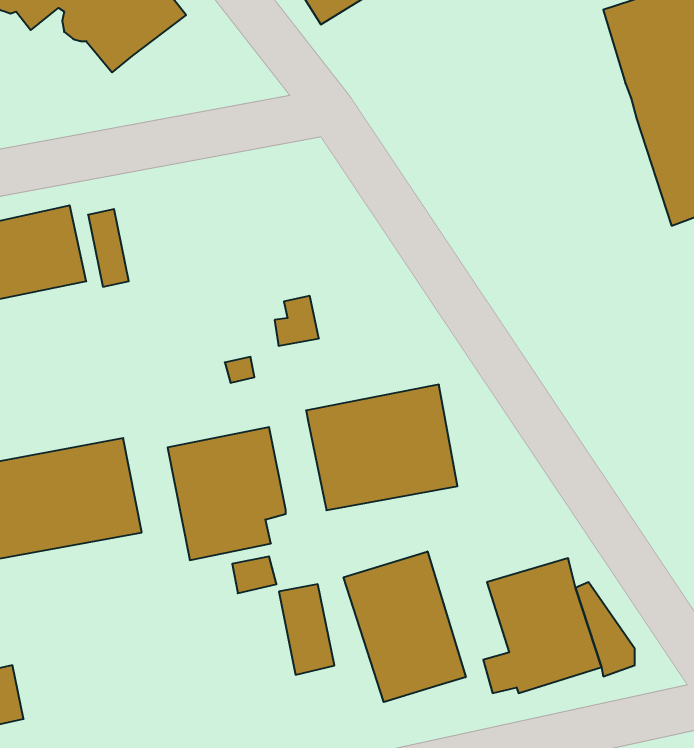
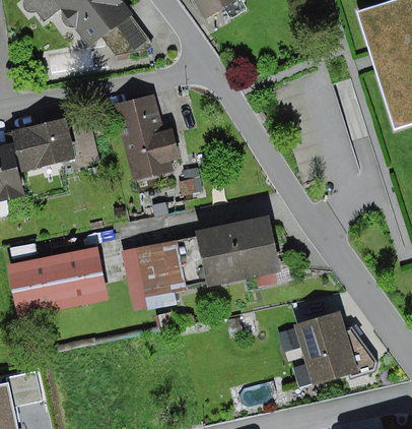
building: none -> [100,13,153,54]
building: none -> [113,93,180,181]
building: [344,551,466,702] -> none
building: [279,584,334,675] -> [176,236,206,286]

